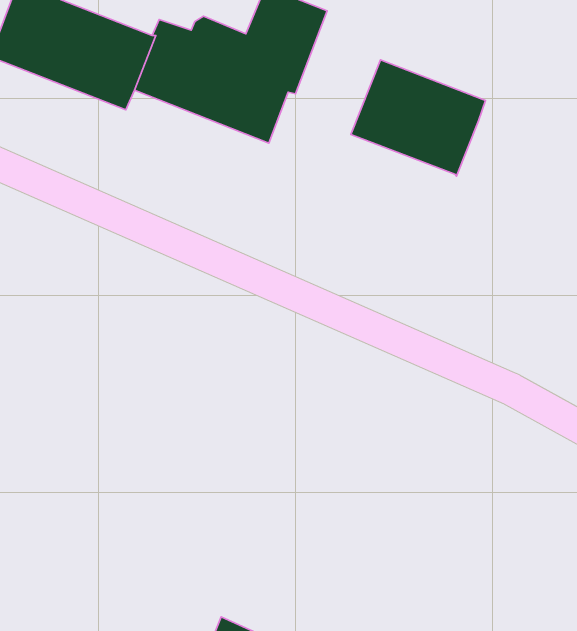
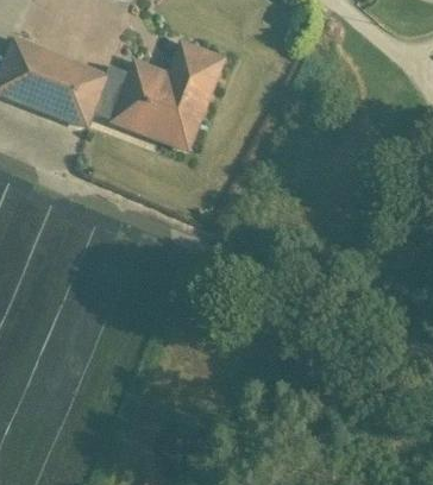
building: [351,60,485,176] -> none

